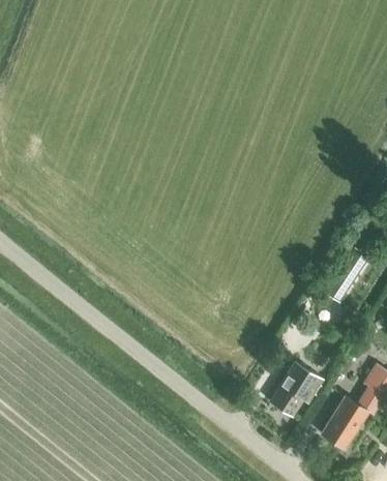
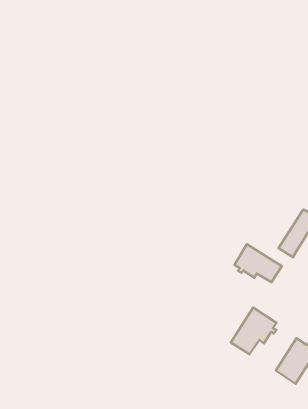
building: none -> [234,244,282,282]

